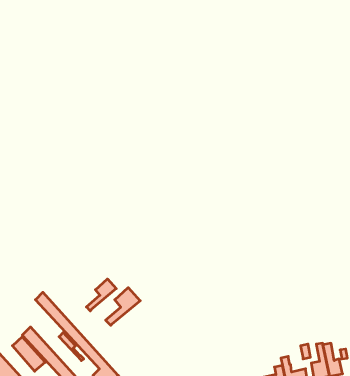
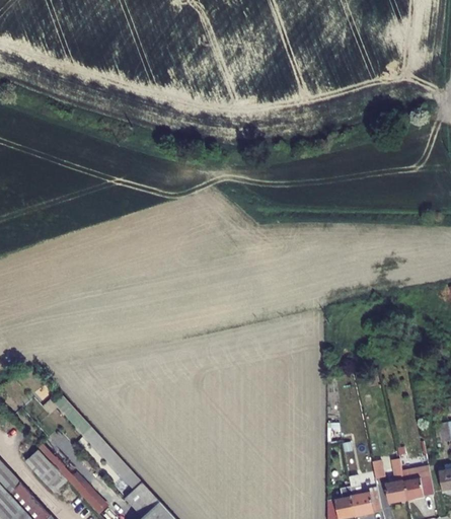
building: [86,279,116,311] -> none
building: [106,288,140,325] -> none

